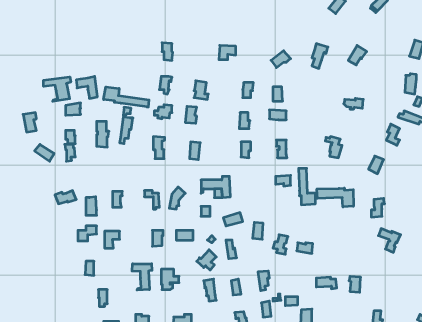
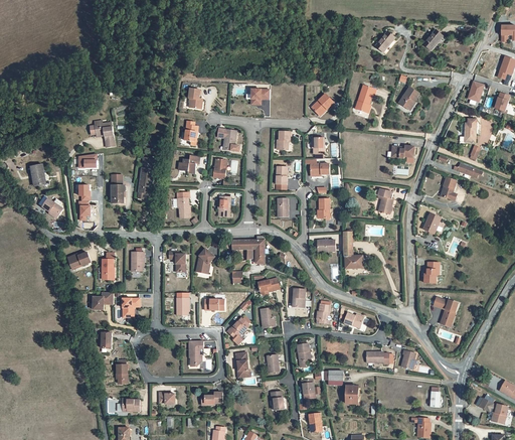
building: [44,77,71,101] -> none
building: [104,87,149,107] -> none
building: [317,188,353,207] -> none
building: [132,264,152,290] -> none

